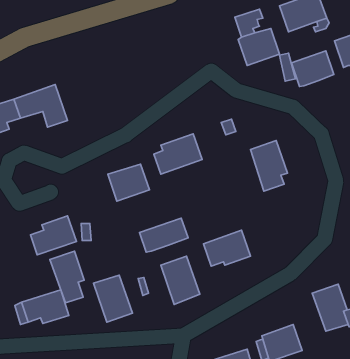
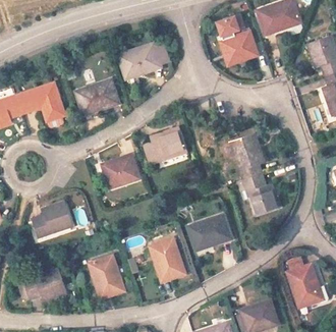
building: none -> [118,42,170,75]
building: [291,51,334,86] -> none
building: none -> [75,79,119,115]
building: none -> [243,173,279,215]
building: [140,218,188,252] -> none
building: [50,251,84,303] -> none

